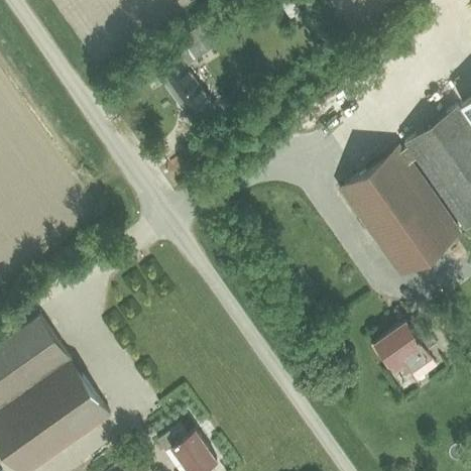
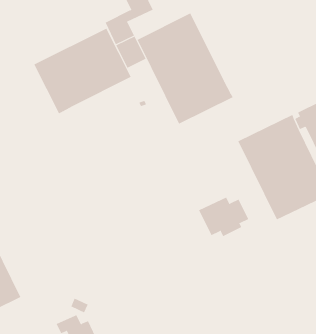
building: none -> [137,13,233,125]
building: none -> [34,28,132,114]
building: [374,324,437,373] -> [198,197,249,237]

